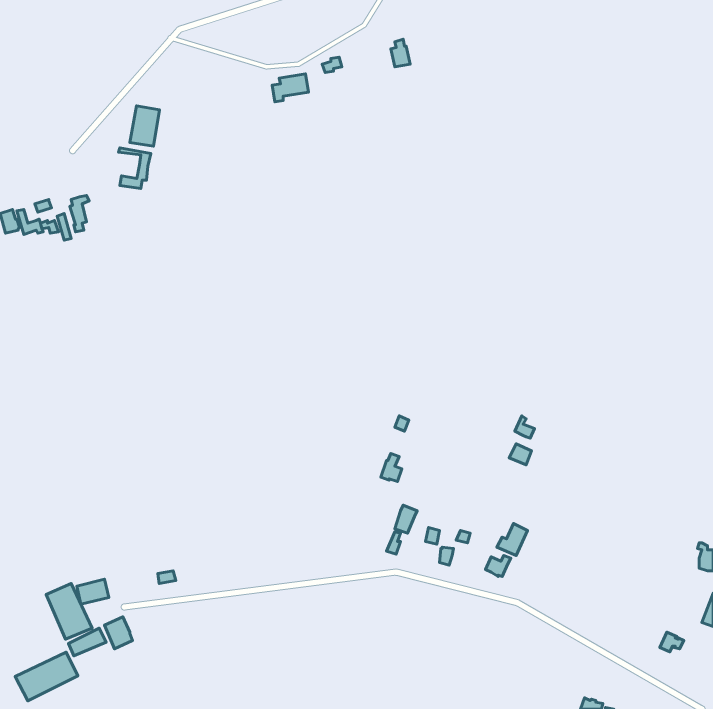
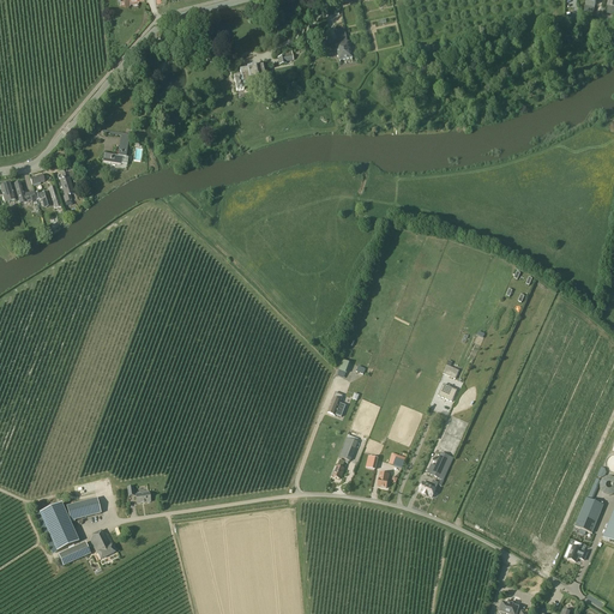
building: [130,106,159,146] -> none
building: none -> [574,496,603,530]
building: [15,652,78,701] -> none

